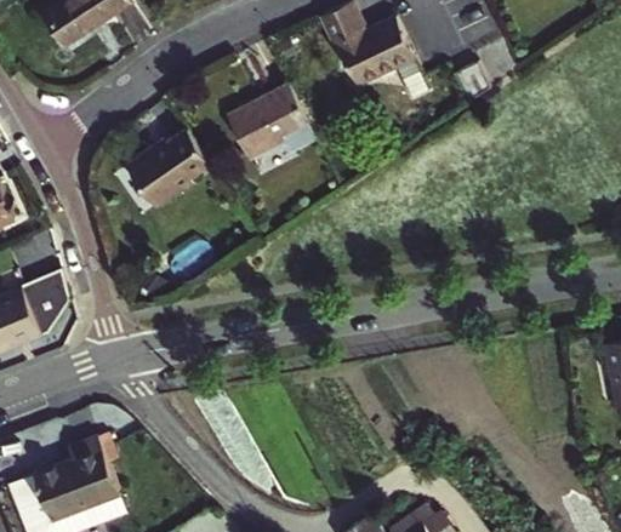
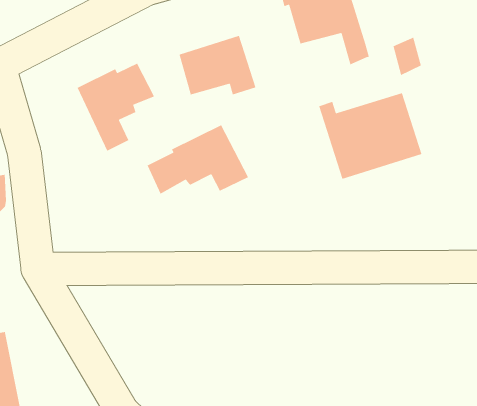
building: none -> [318,92,423,180]
building: none -> [147,124,249,195]

